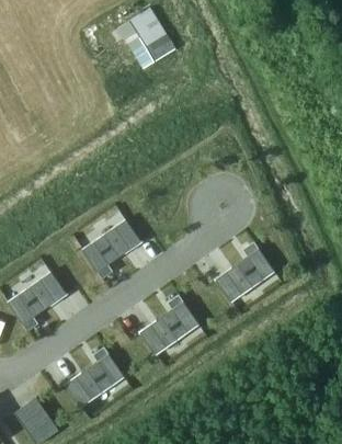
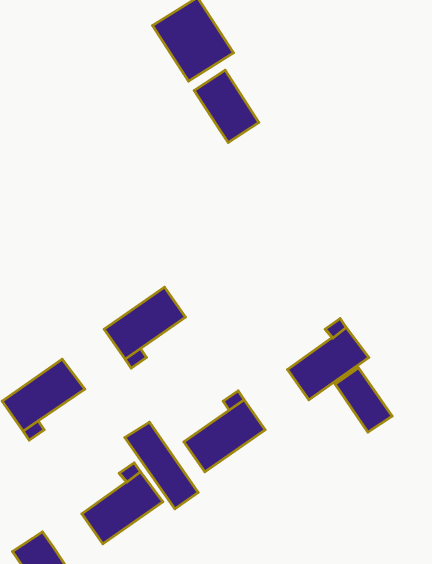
building: none -> [194,70,259,143]
building: none -> [335,368,392,432]
building: none -> [125,422,198,509]

